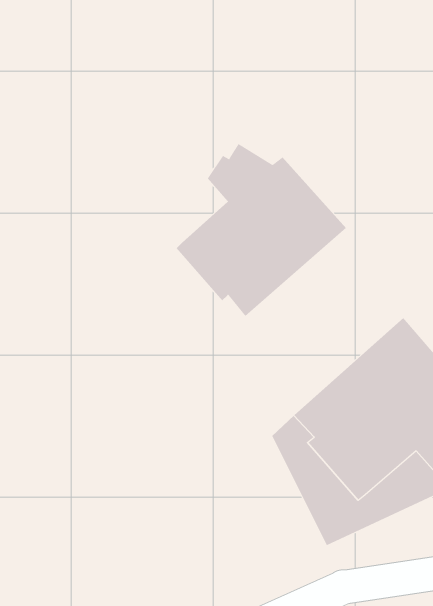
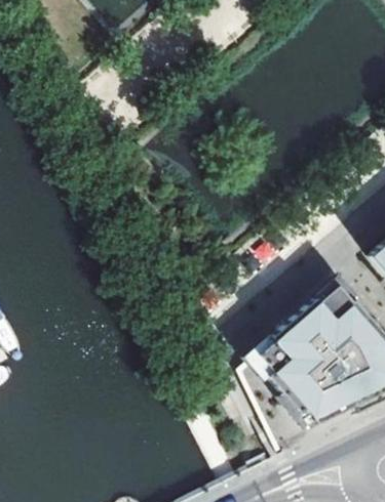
building: [176,143,347,317] -> none

